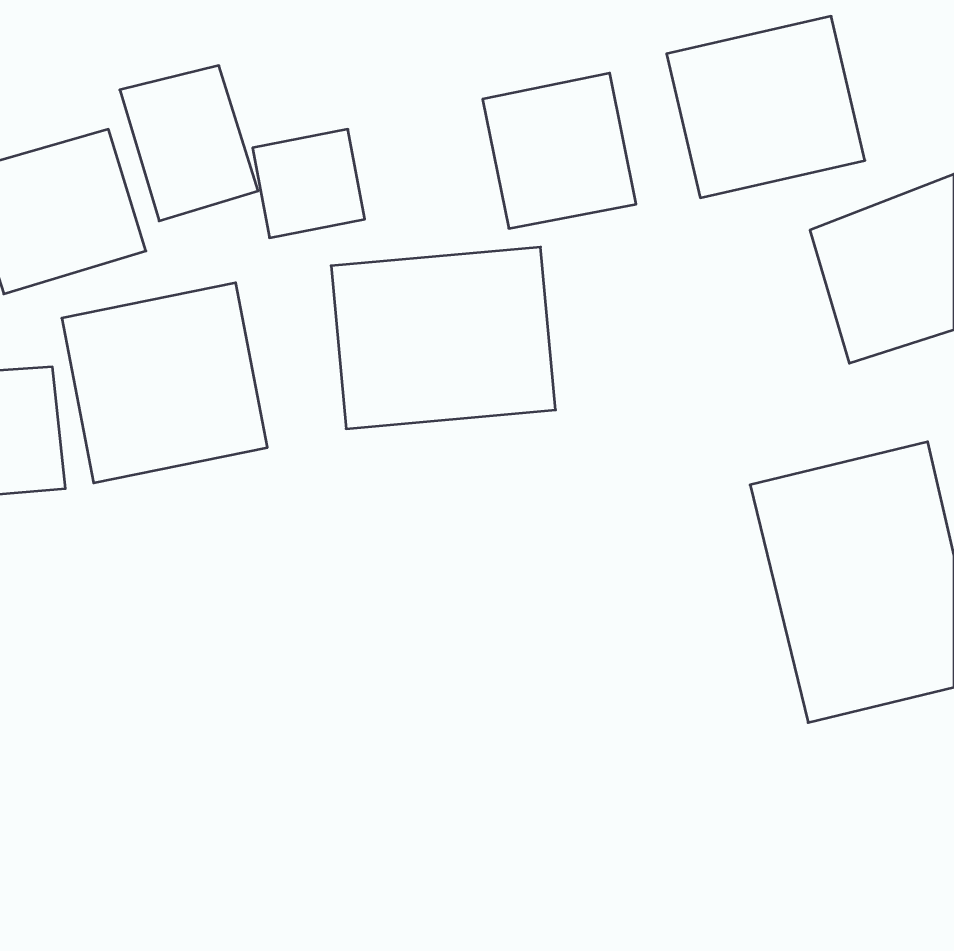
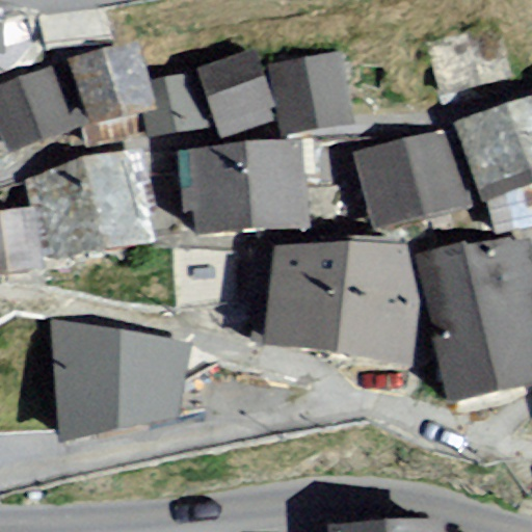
building: [667,16,865,198] -> [354,126,464,227]
building: none -> [200,49,275,132]
building: none -> [267,245,406,363]
building: none -> [61,323,182,426]

